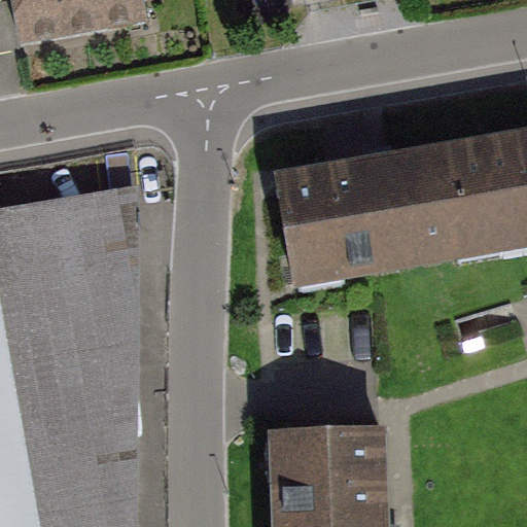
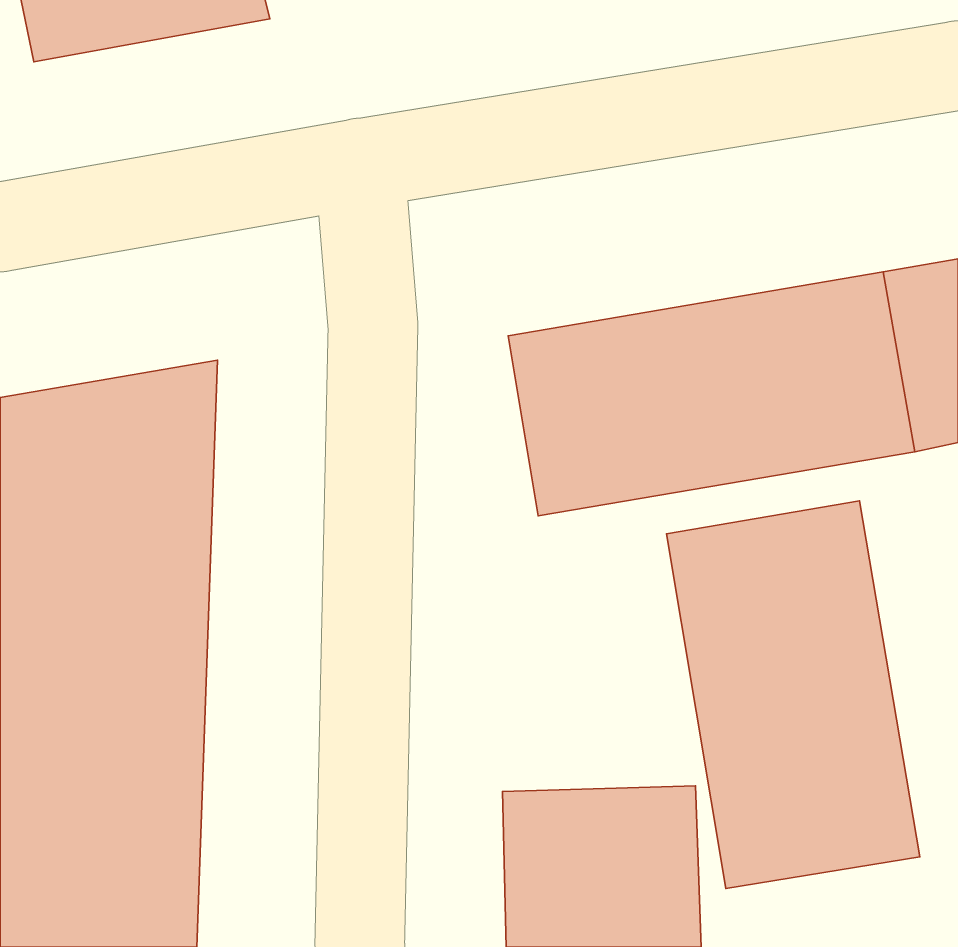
building: none -> [666,501,920,888]

